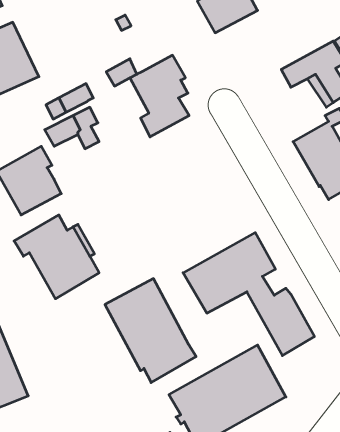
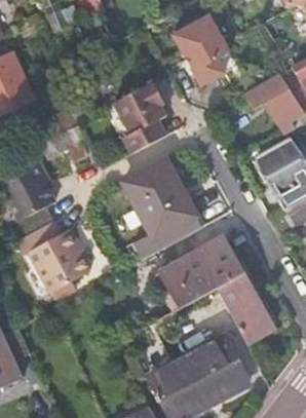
building: none -> [188,42,230,84]
building: [105,279,196,383] -> [123,157,202,248]

